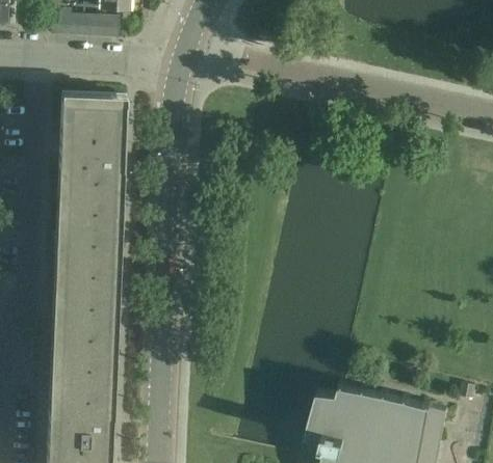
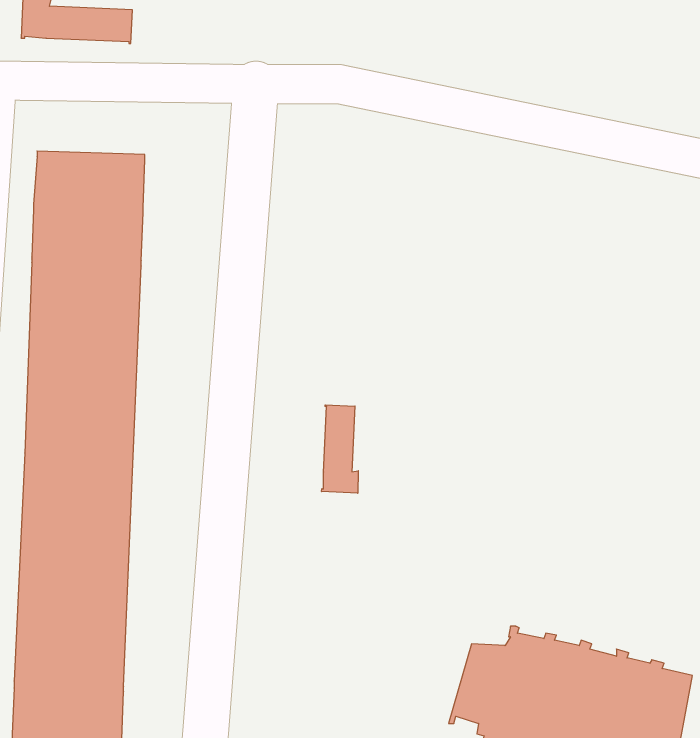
building: none -> [322,405,358,493]

